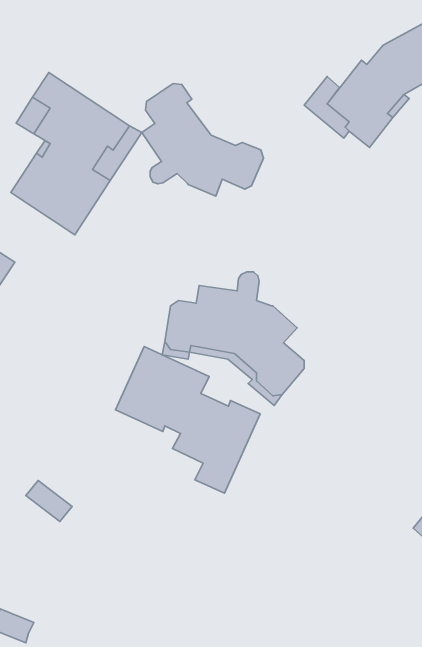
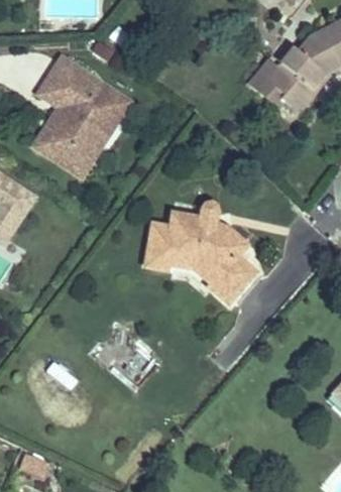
building: [142,83,264,196] -> none
building: [115,347,260,493] -> none

